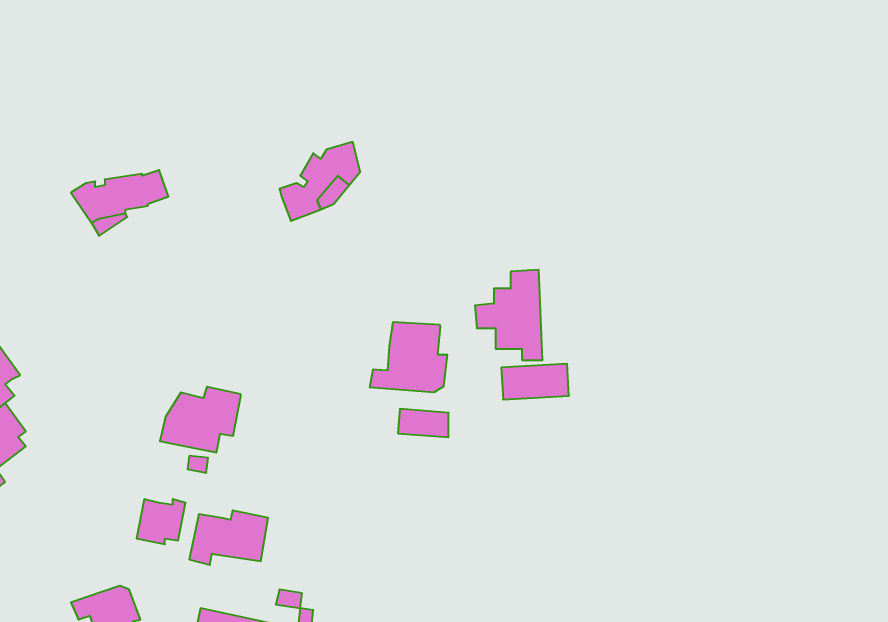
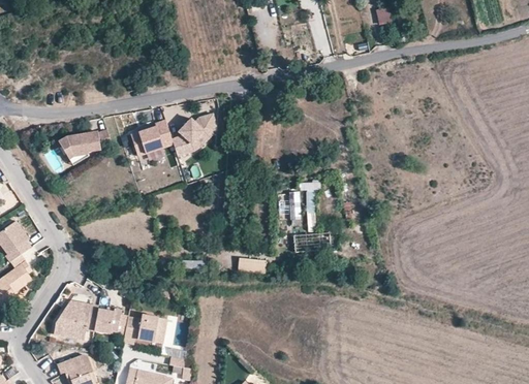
building: none -> [129,118,173,155]
building: [370,322,447,392] -> none
building: [160,387,241,453] -> [53,302,97,339]

